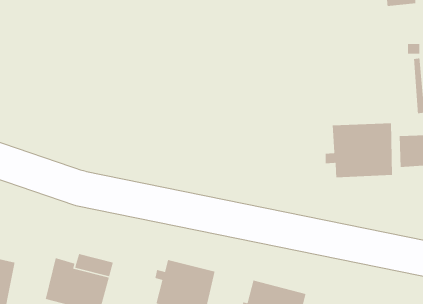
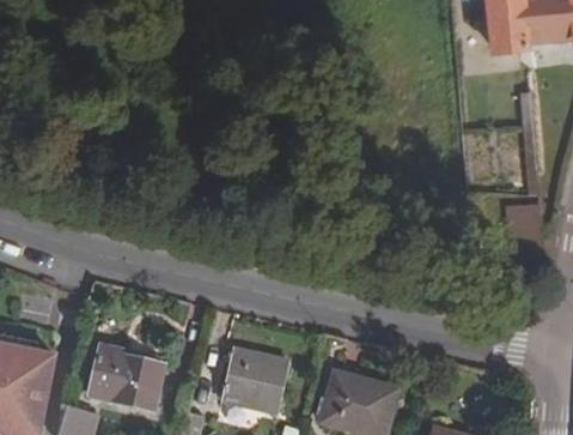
building: [325,123,393,178] -> none

